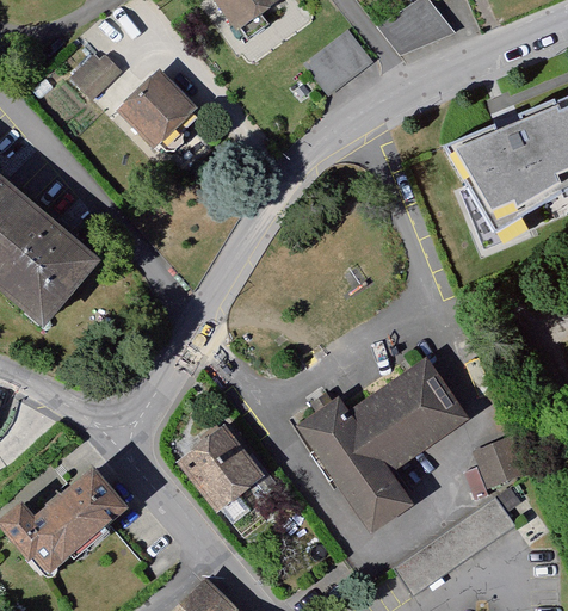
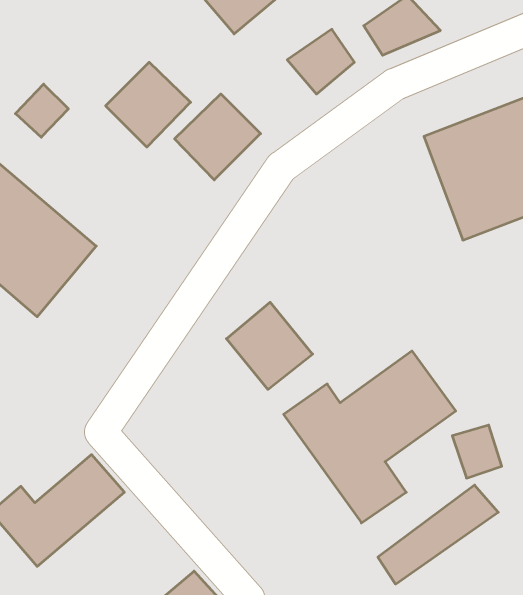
building: [63,44,117,98] -> [15,84,68,137]
building: none -> [175,94,261,180]
building: [181,421,268,510] -> [226,302,313,389]

